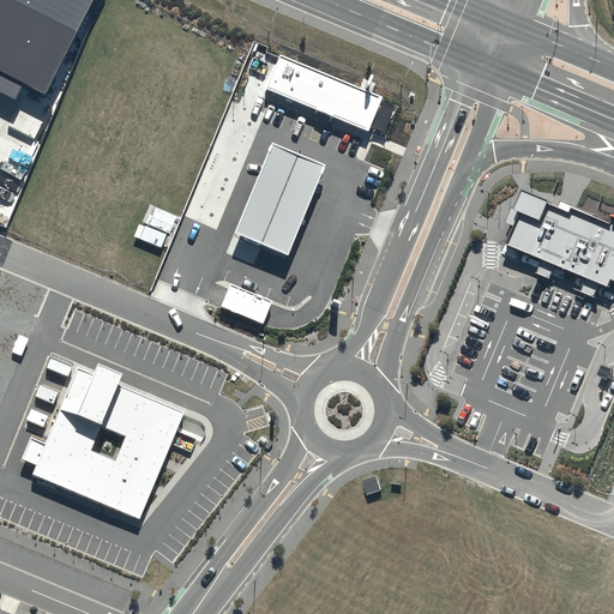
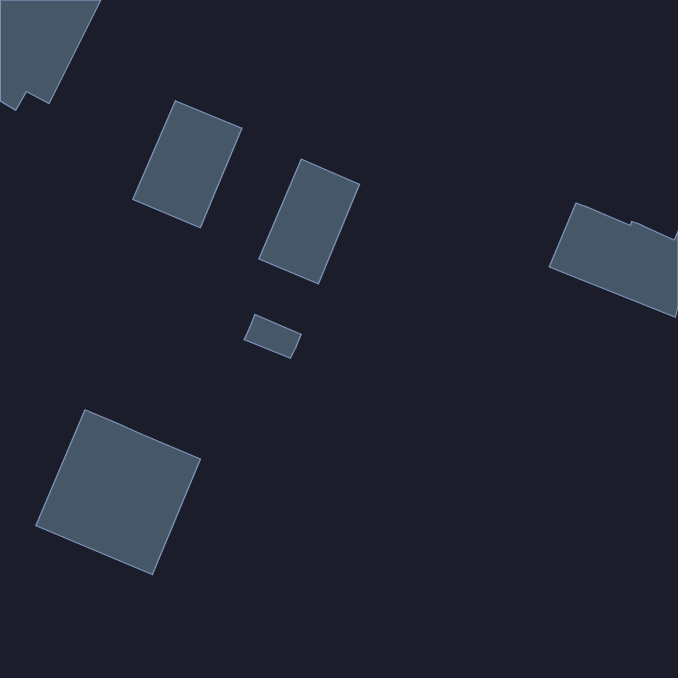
building: [267,58,383,131] -> none
building: none -> [133,101,242,228]

